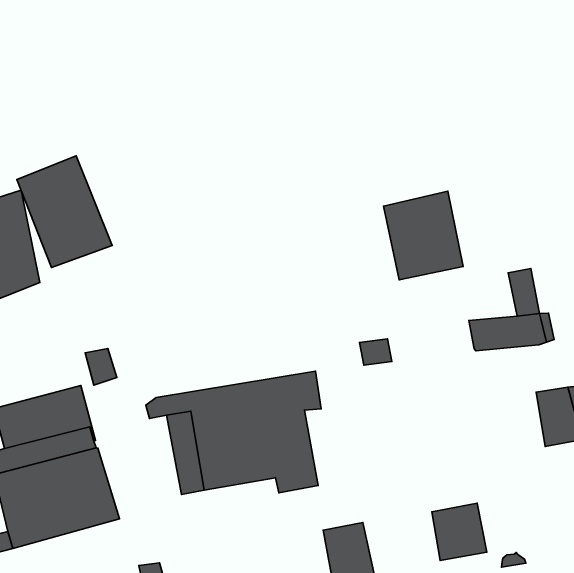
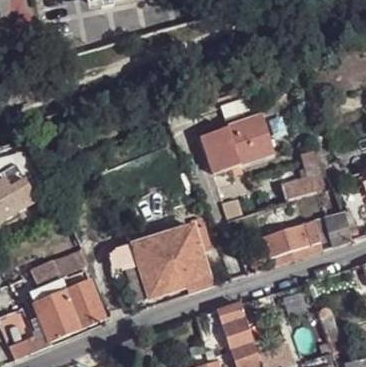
building: [17,156,112,267] -> none
building: none -> [199,127,241,176]
building: none -> [263,220,323,265]

